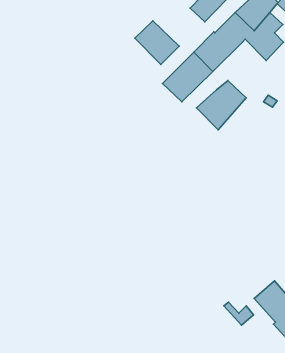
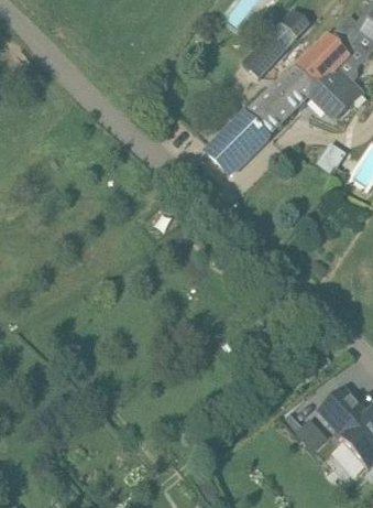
building: [135,21,179,64] -> none
building: [196,80,246,130] -> none

